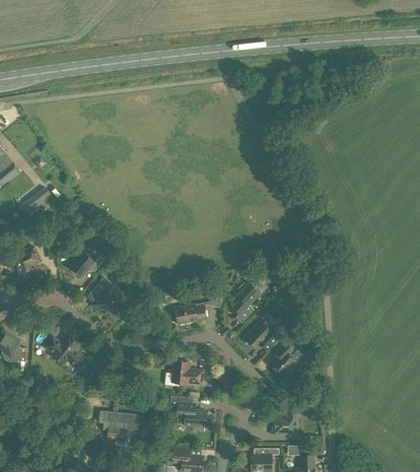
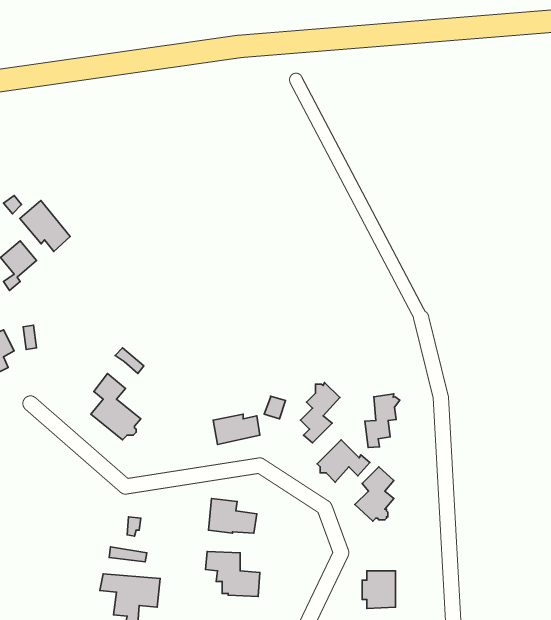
building: none -> [20,201,70,251]
building: [70,251,104,277] -> none
building: none -> [365,394,400,447]
building: [45,334,85,367] -> none

